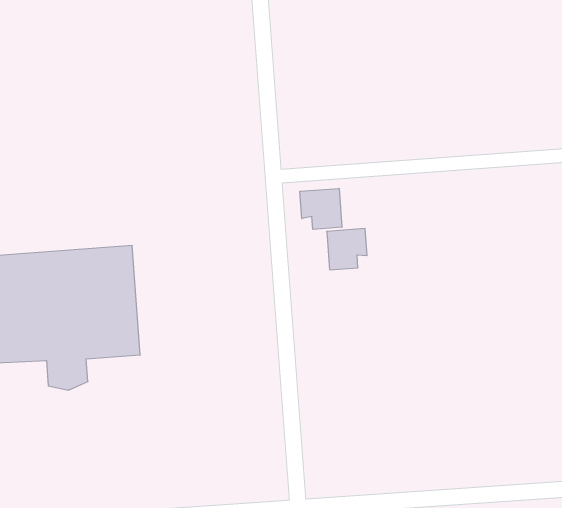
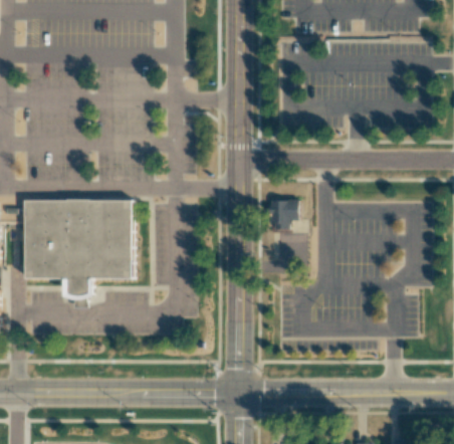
building: [300,188,342,229] -> none

